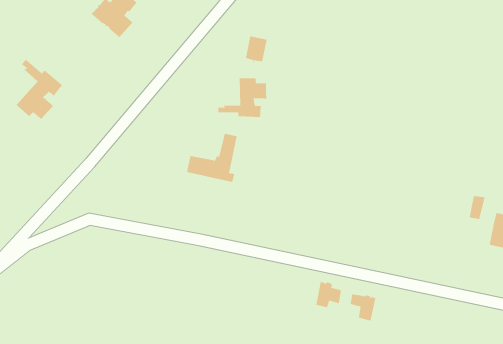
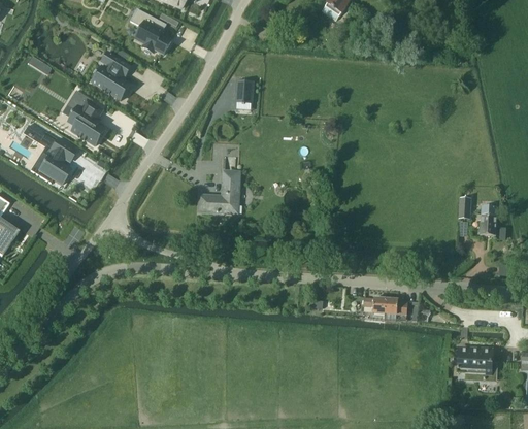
building: none -> [69,100,105,145]
building: [218,77,267,118] -> none
building: [315,281,342,308] -> [384,296,405,319]

